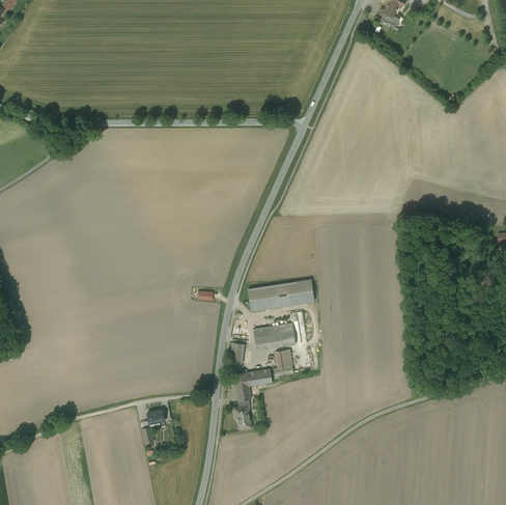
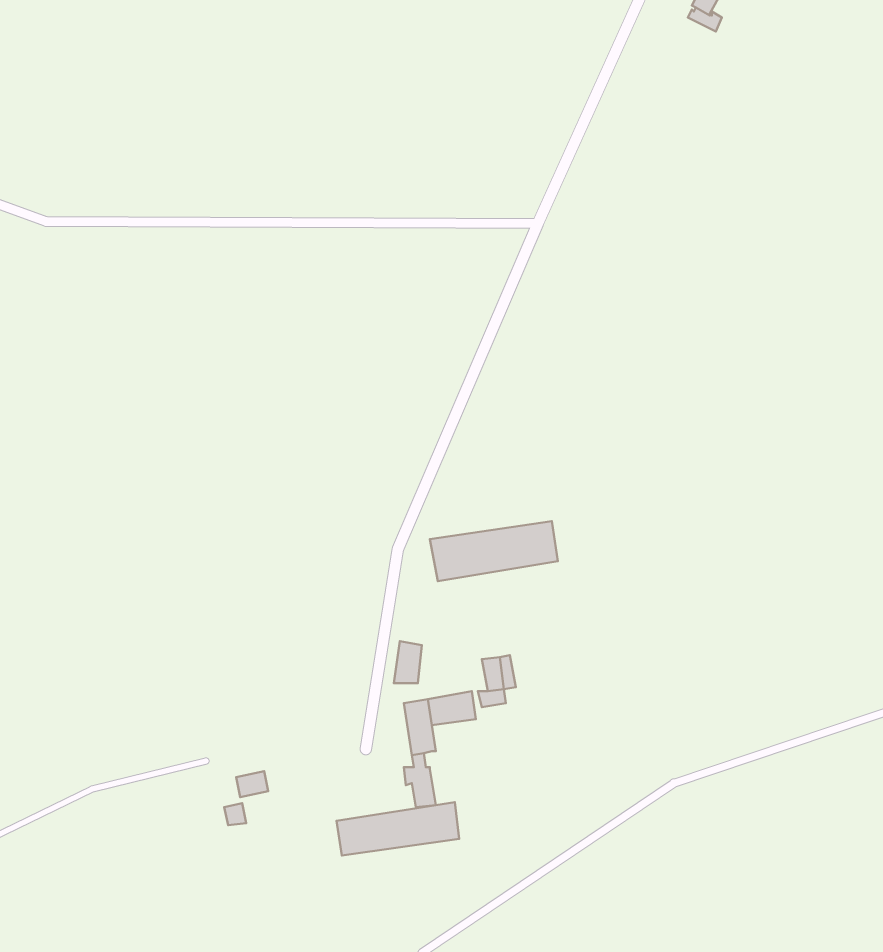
building: [253,324,296,350] -> none
building: none -> [336,802,459,856]

